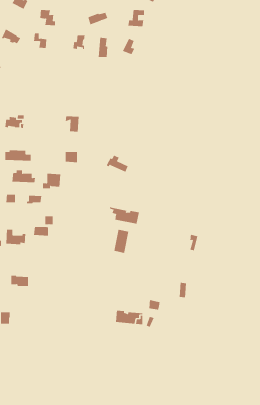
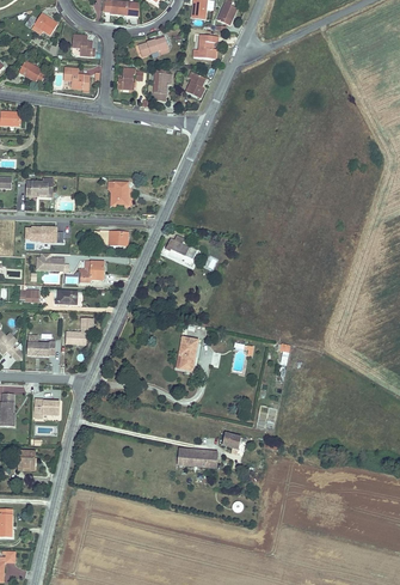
building: [109,206,140,224] -> none

